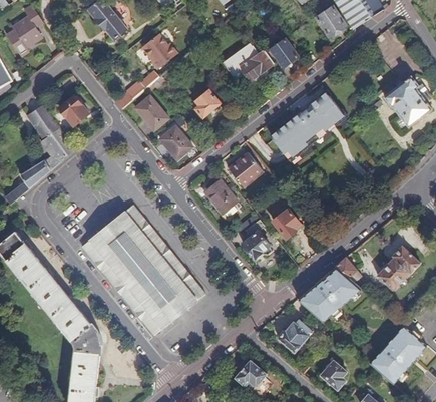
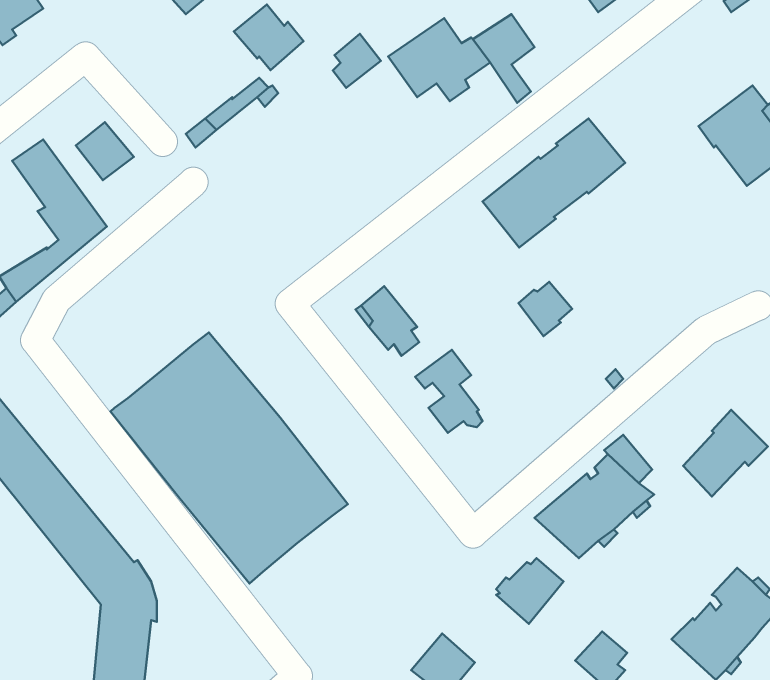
building: [196,90,222,118] -> [333,34,381,88]
building: [134,94,168,130] -> none
building: [159,124,192,159] -> none
building: [228,152,264,187] -> none
building: [273,210,301,238] -> [518,282,572,336]

